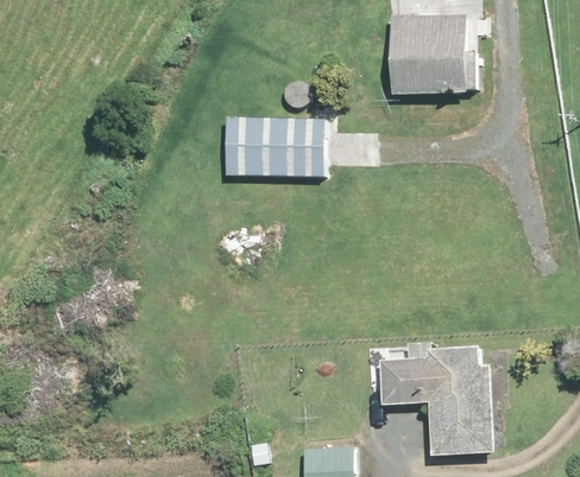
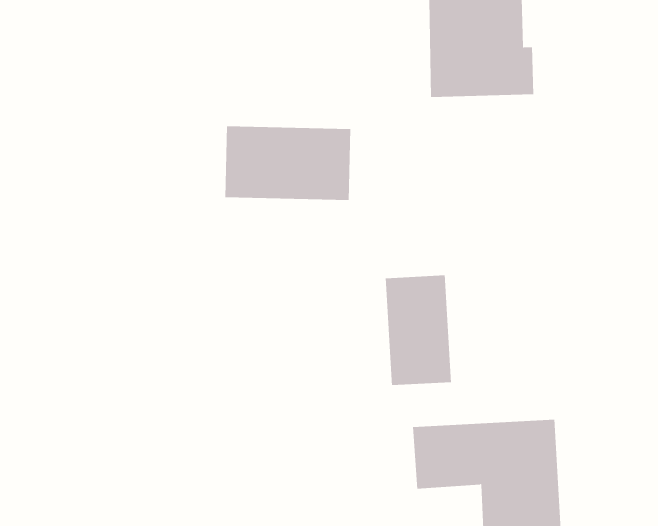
building: none -> [385,275,451,386]

